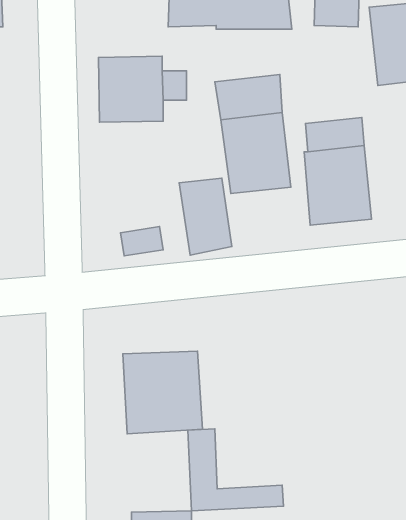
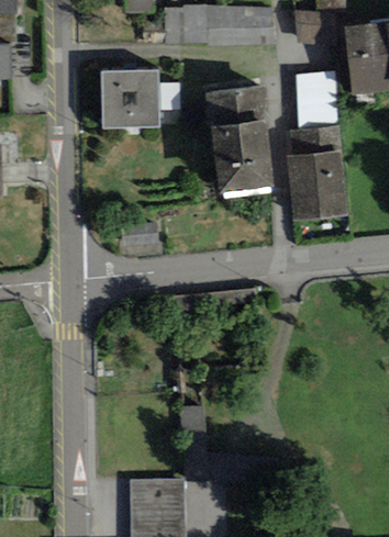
building: none -> [296,70,338,126]
building: [179,178,232,255] -> none
building: [123,351,203,434] -> none

